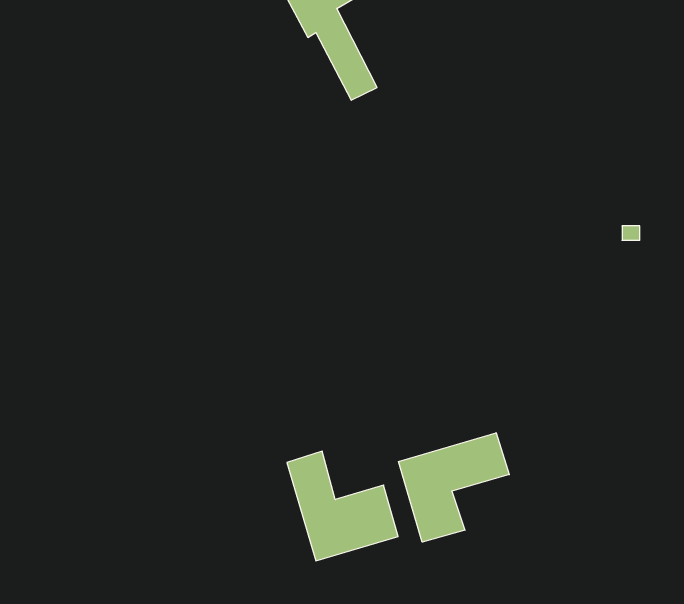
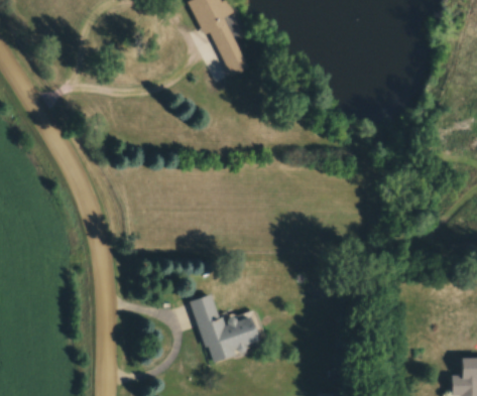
building: [399,433,509,542] -> none

